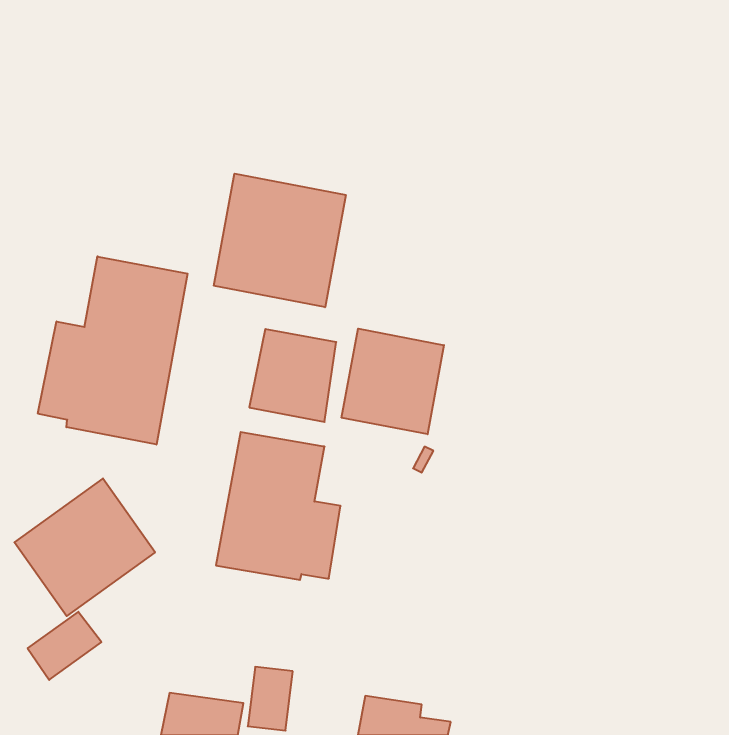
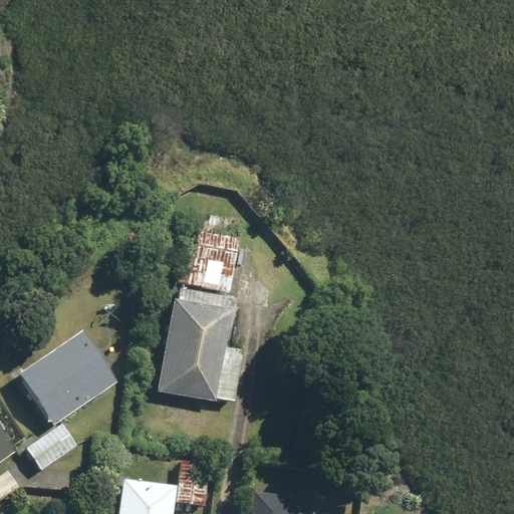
building: [214,174,346,307] -> none
building: [38,256,188,445] -> none
building: [342,329,444,434] -> none

